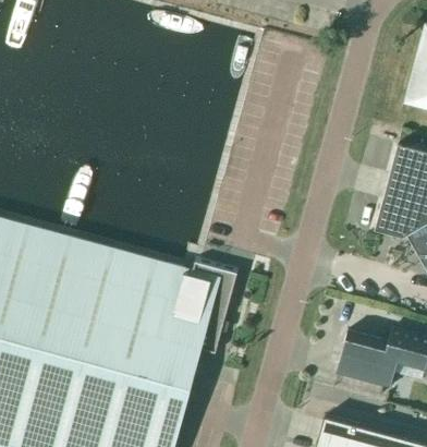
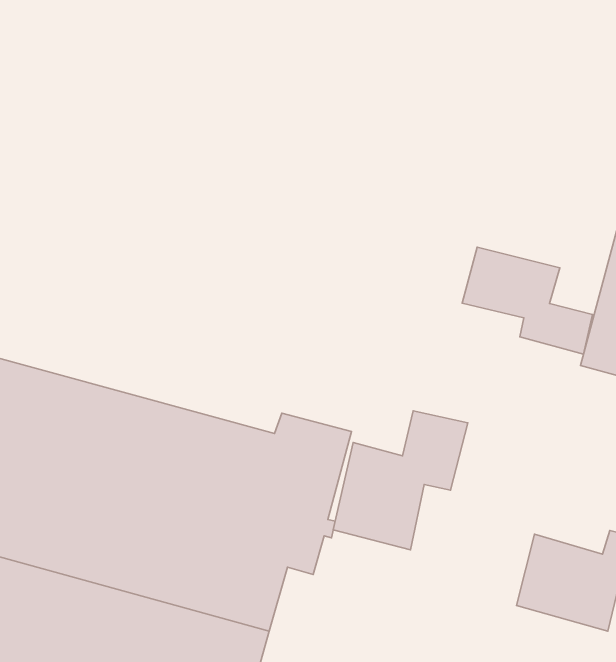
building: none -> [462,247,592,354]
building: none -> [333,411,468,550]

